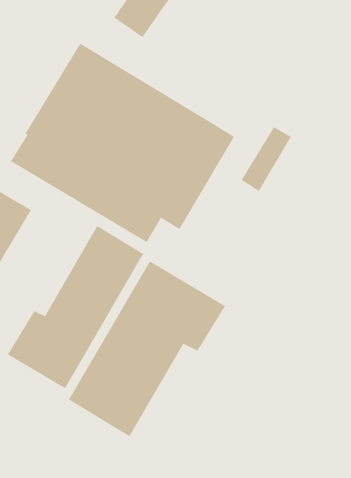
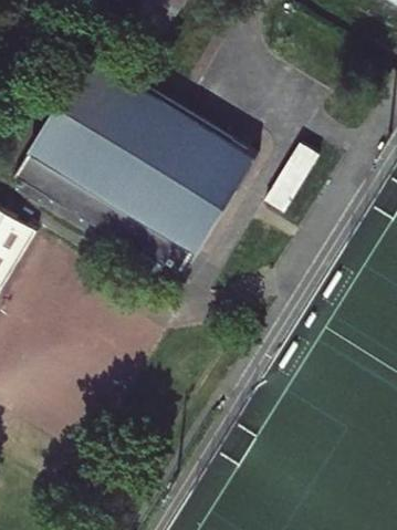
building: [7,225,144,389] -> none
building: [68,261,226,437] -> none

